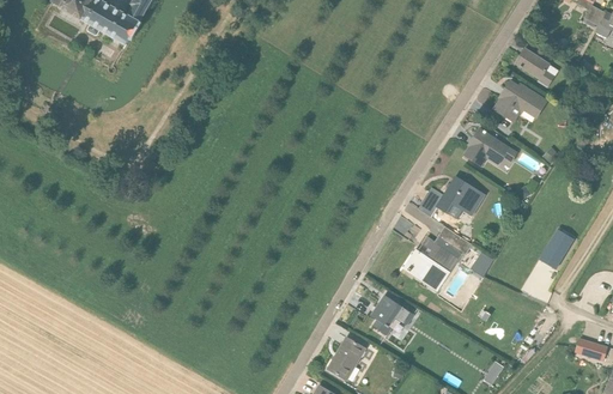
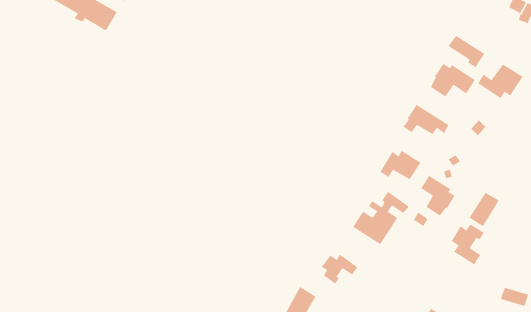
building: none -> [477,63,524,99]
building: none -> [420,175,455,216]
building: none -> [451,224,485,265]

